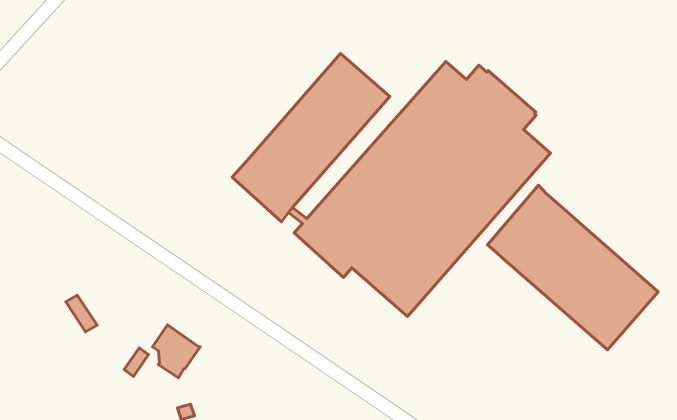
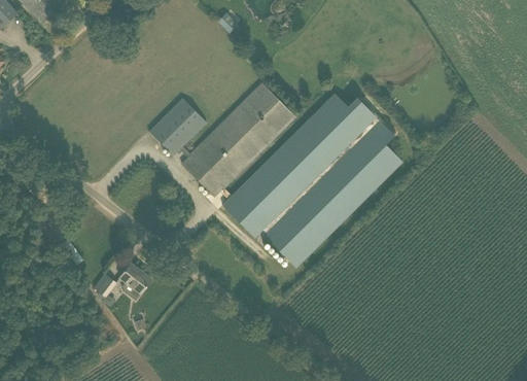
building: none -> [148,97,206,157]
building: [488,185,658,350] -> none

